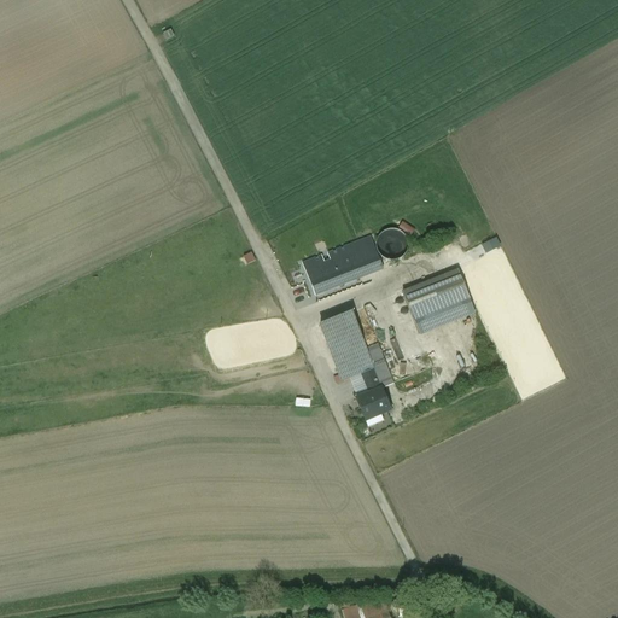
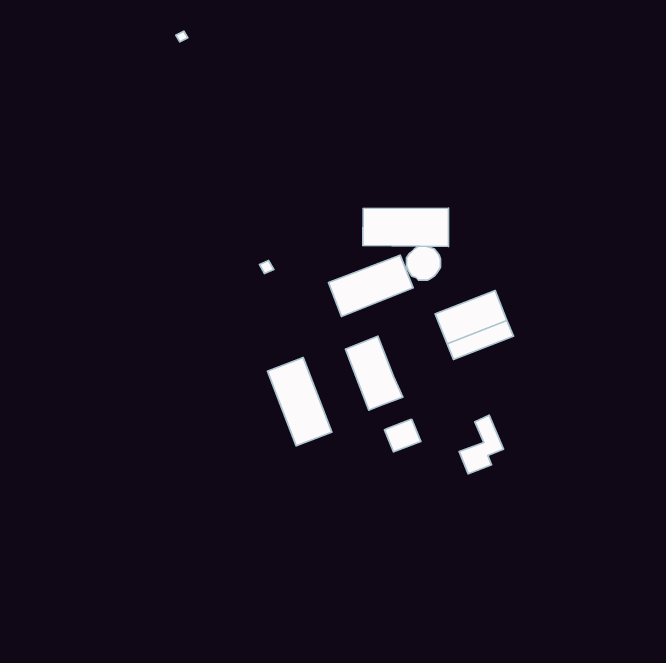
building: none -> [363,208,449,246]
building: none -> [267,358,332,446]
building: [350,343,391,397] -> [459,415,503,474]

